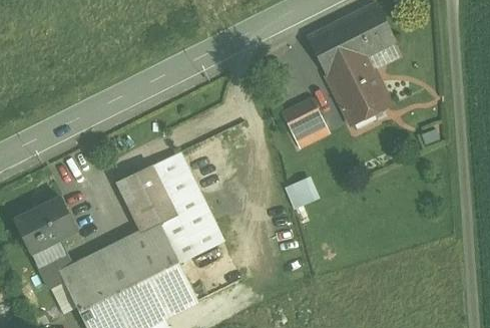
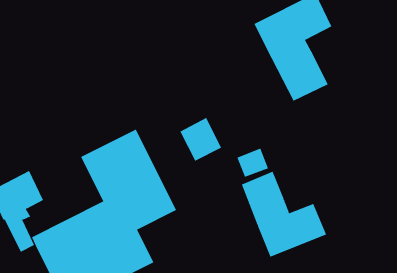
building: [283,96,330,145] -> [179,117,222,161]
building: none -> [241,171,327,258]

